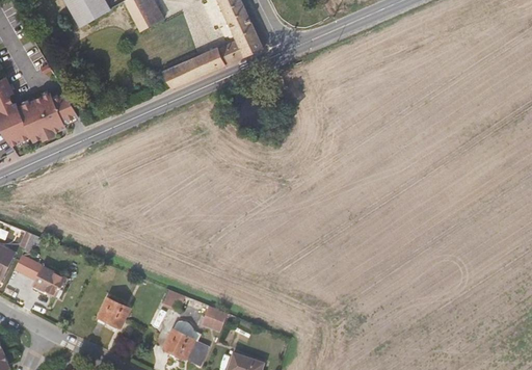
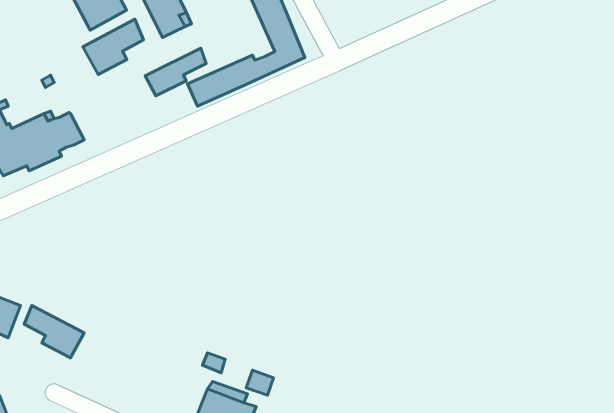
building: none -> [83,19,144,74]
building: none -> [145,48,206,96]
building: [99,299,132,331] -> none

